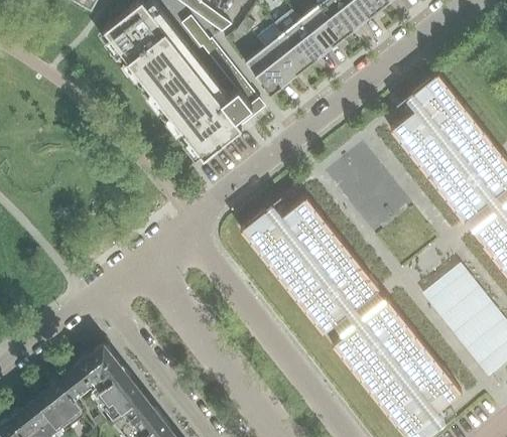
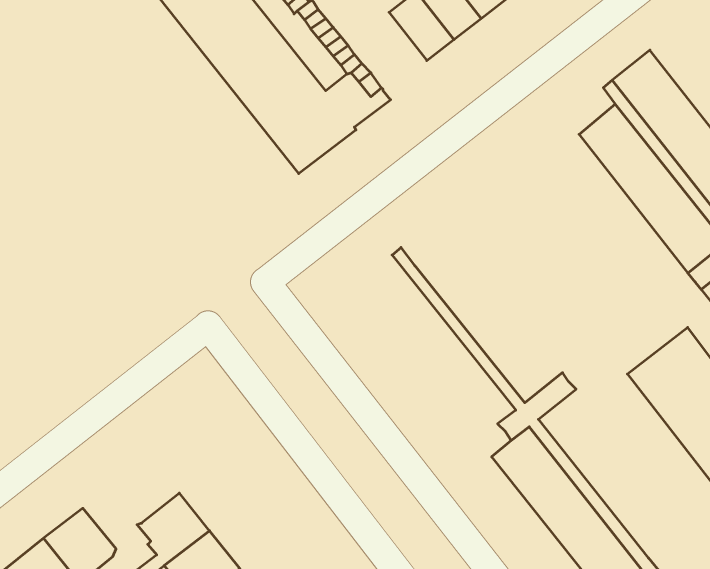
building: [245,48,288,96] -> none
building: [280,197,379,309] -> none
building: [240,210,348,334] -> none
building: [363,300,462,413] -> none
building: [61,347,123,394] -> none

